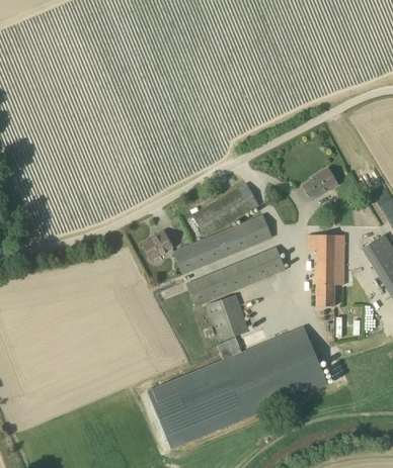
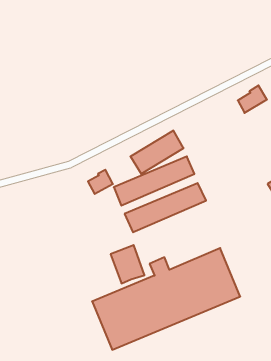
building: [302,167,337,200] -> [238,85,267,113]
building: [310,237,343,306] -> none
building: [208,294,249,341] -> [111,245,145,283]

